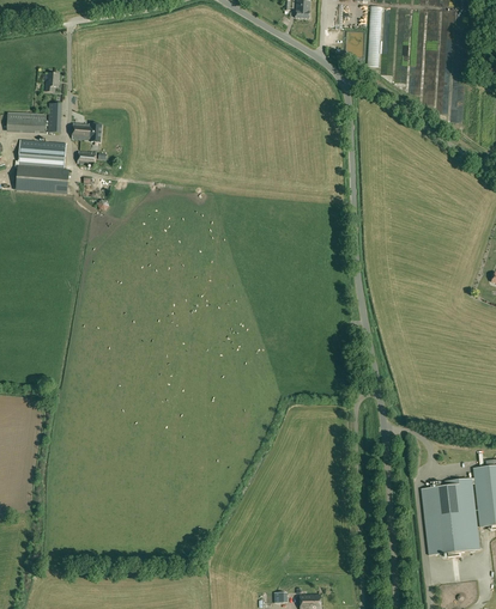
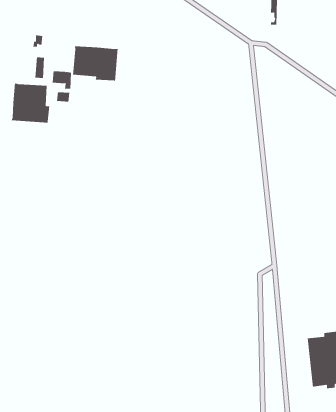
building: none -> [72,46,118,81]
building: [7,112,46,134] -> none

